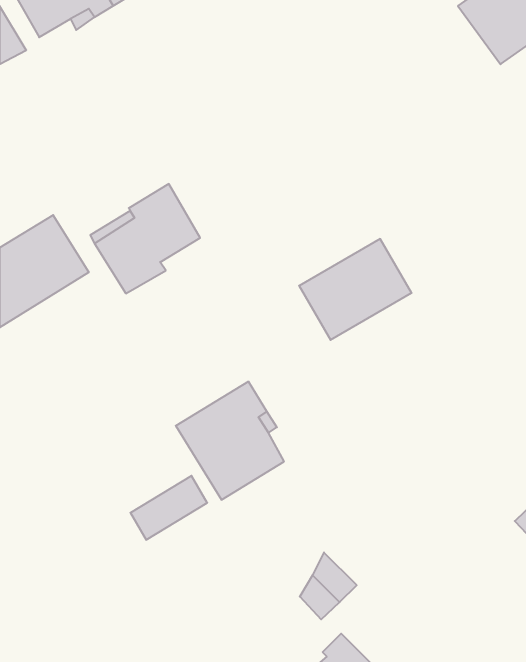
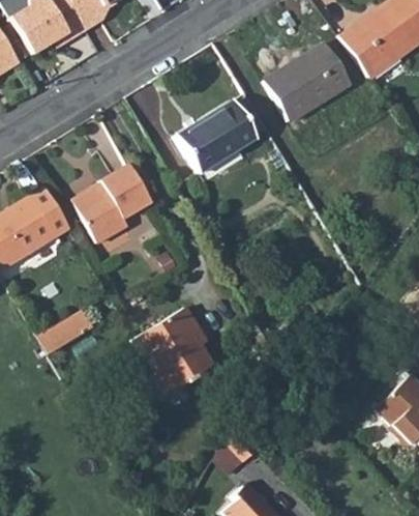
building: none -> [266,41,352,119]
building: [299,239,412,340] -> [175,97,257,171]
building: [130,476,207,540] -> [37,307,93,353]

